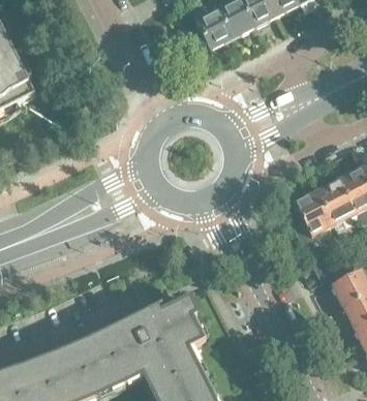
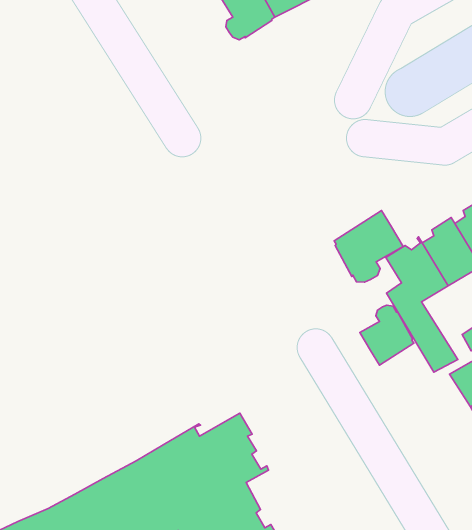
building: none -> [334,211,403,282]
building: none -> [360,305,414,365]

